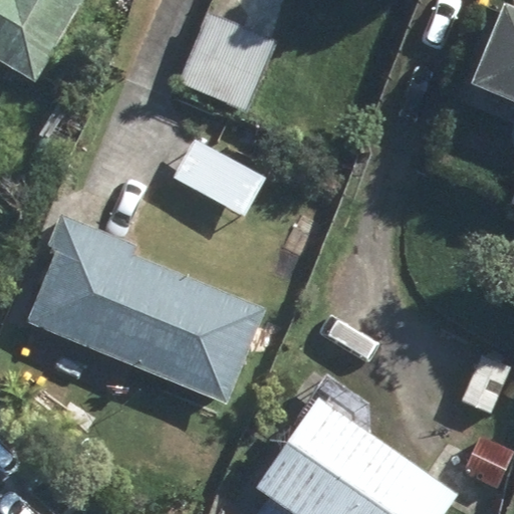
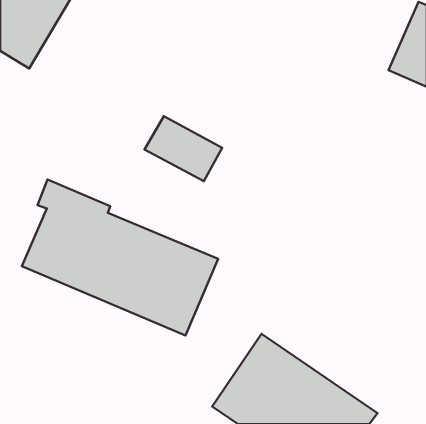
building: [178,13,276,110] -> none

